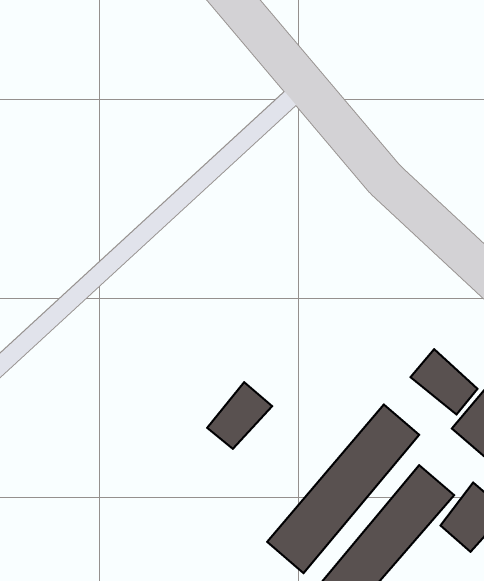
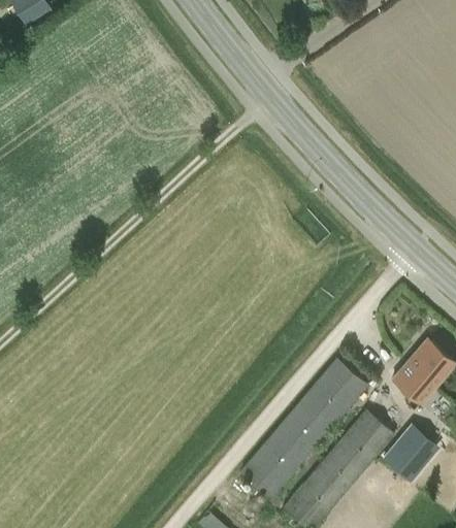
building: [410,349,478,415] -> none
building: [207,382,272,449] -> none

